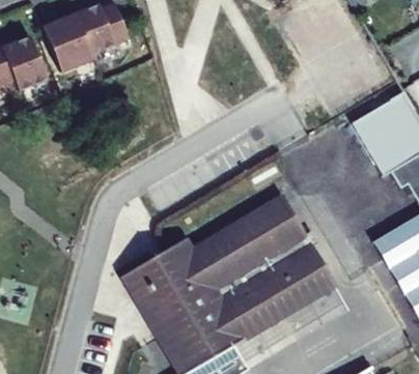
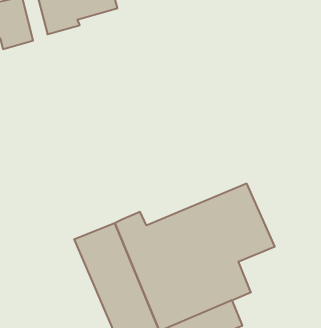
building: [284,254,335,303] -> none

